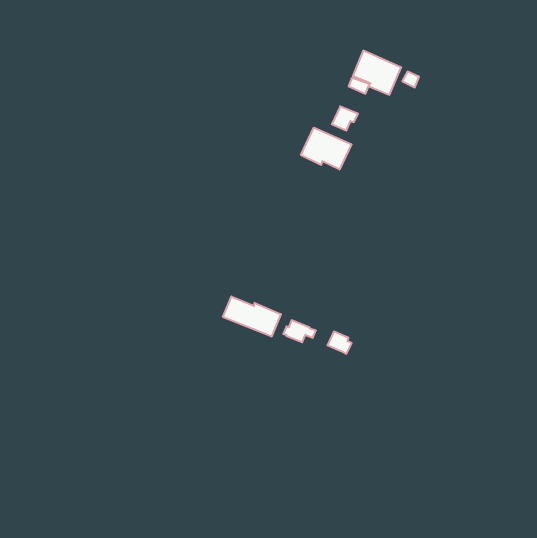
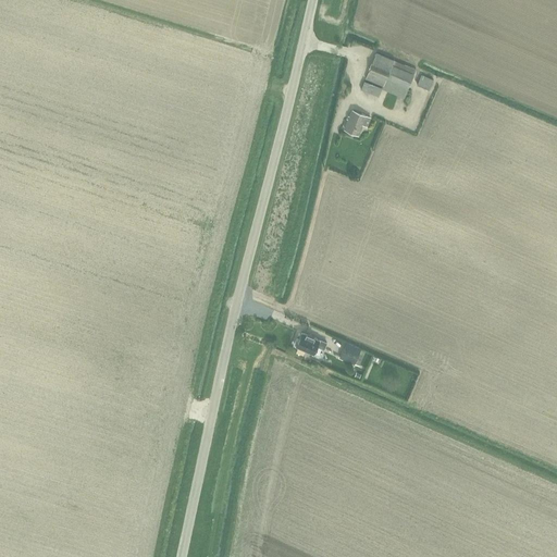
building: [301,128,351,170] -> none
building: [223,296,281,337] -> none

